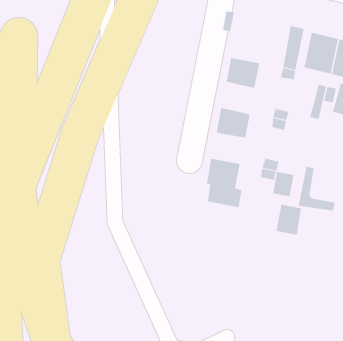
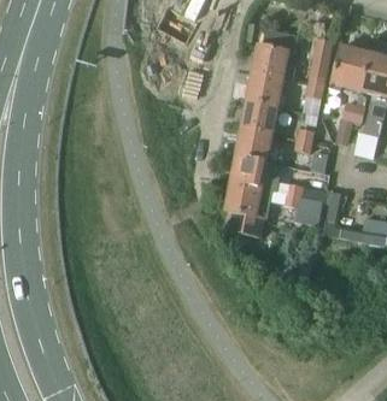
building: none -> [252,28,299,79]
building: none -> [241,99,278,134]
building: none -> [230,154,280,190]
building: [276,204,301,236] -> none

